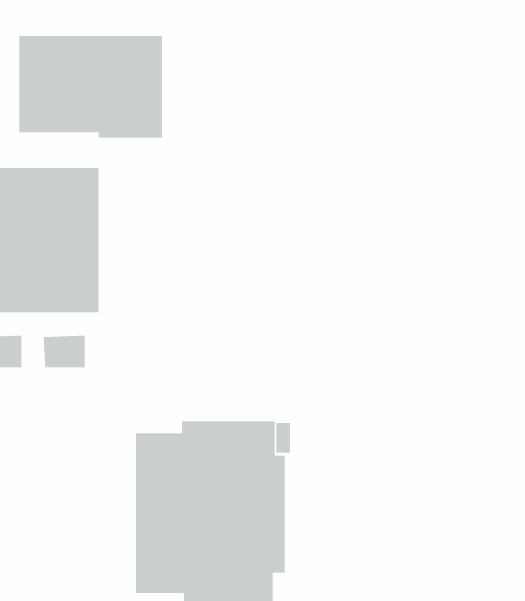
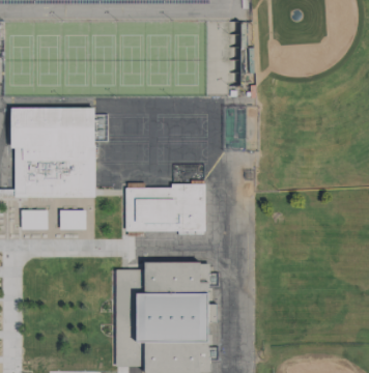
building: [19,35,162,138] -> none
building: none -> [124,185,205,232]

